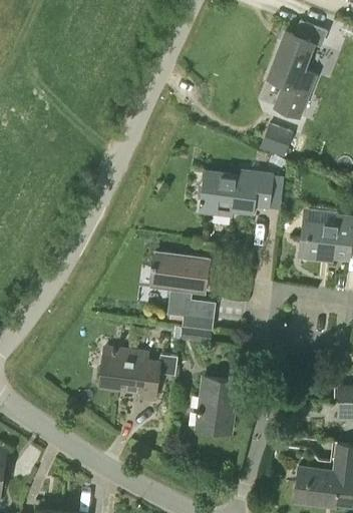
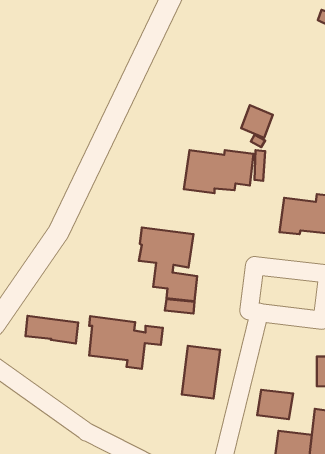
building: [268,21,327,117] -> none
building: none -> [25,316,78,343]
building: none -> [257,390,293,419]

